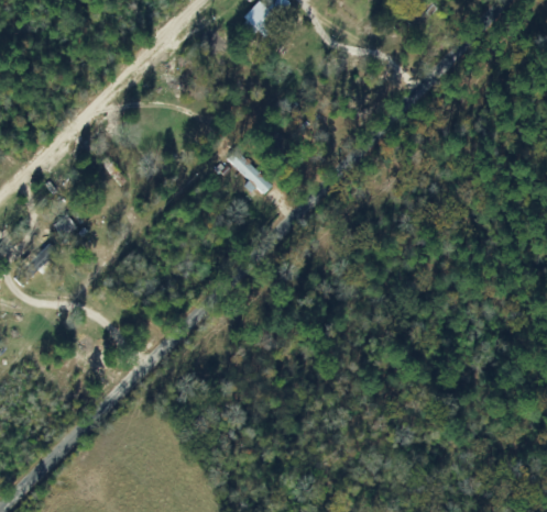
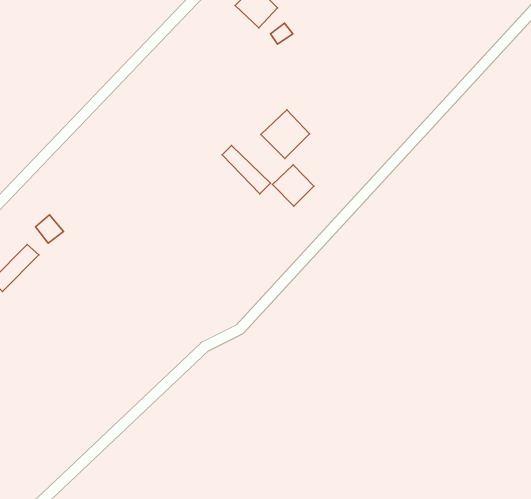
building: none -> [261,110,309,158]
building: none -> [272,165,314,206]

